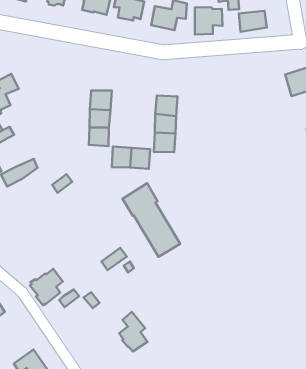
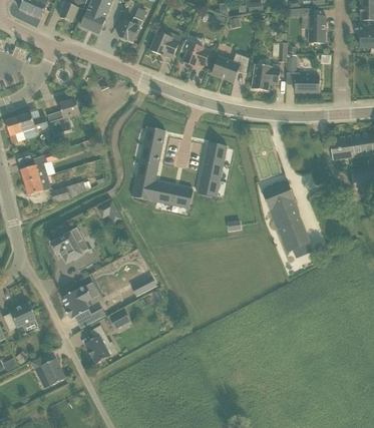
building: none -> [132,175,154,198]
building: [123,183,180,257] -> [262,180,309,251]
building: none -> [52,232,96,270]
building: [119,312,147,352] -> [84,325,109,362]

